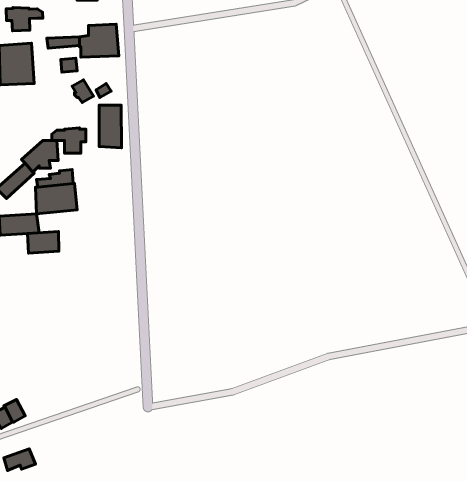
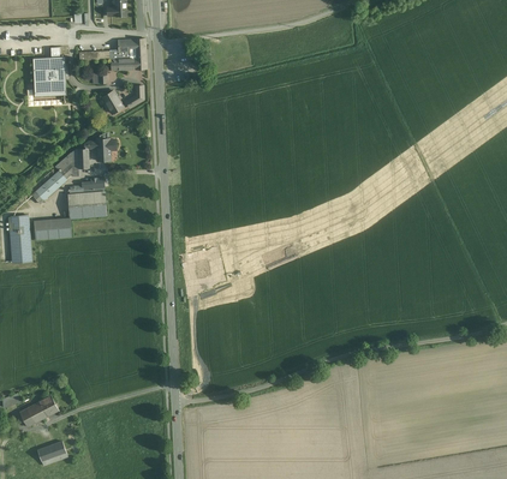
building: [6,7,43,31] -> none
building: [99,105,121,148] -> none
building: [27,231,59,253] -> none

